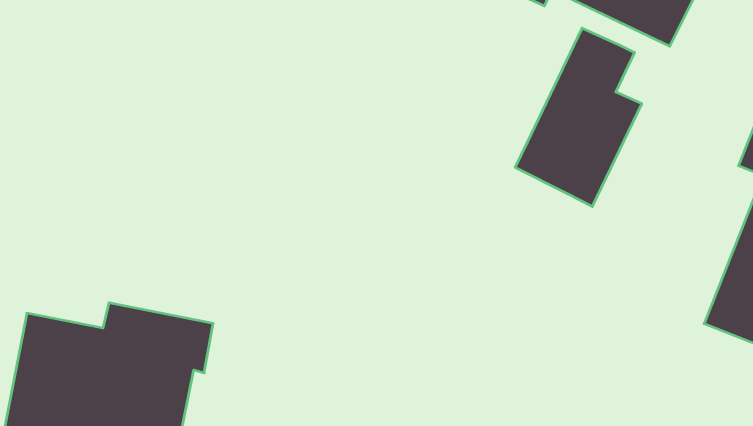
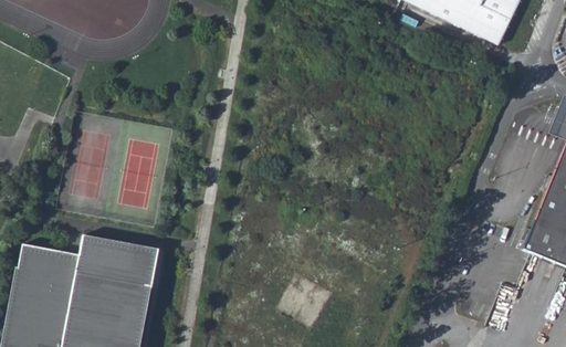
building: [515,28,642,207] -> none

